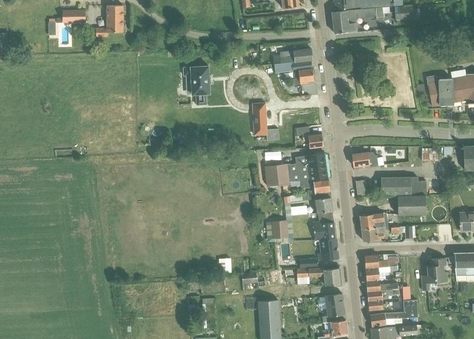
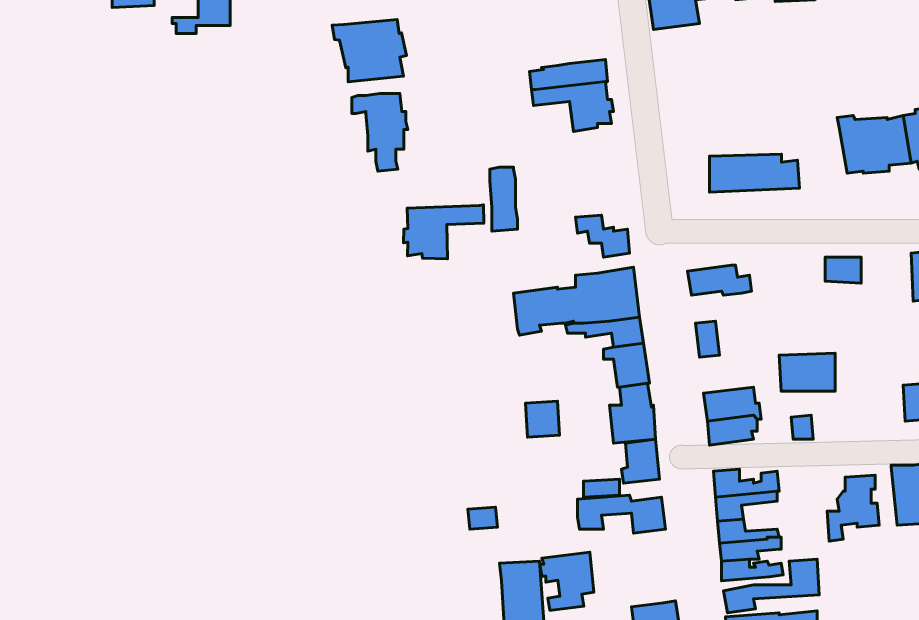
building: none -> [332,19,406,82]
building: none -> [404,205,484,259]
building: [381,177,426,196] -> [709,154,799,192]
building: [317,293,344,322] -> [540,552,594,610]

